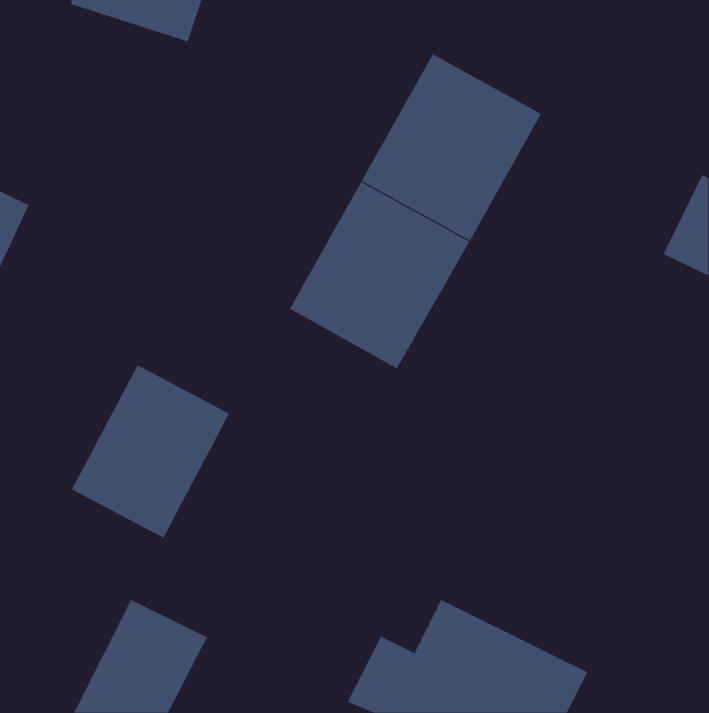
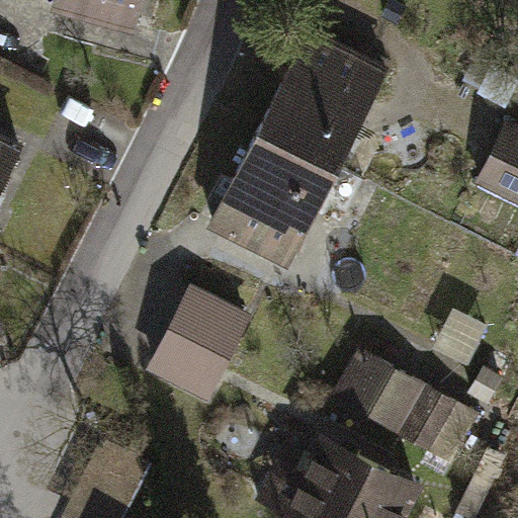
building: [71,364,230,538] -> [137,280,251,406]
building: none -> [325,347,486,472]

